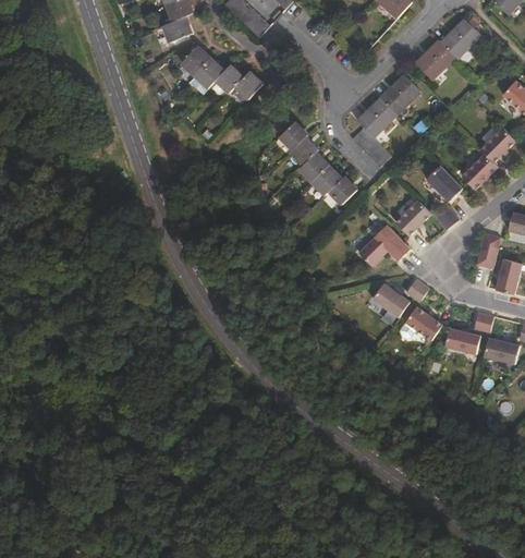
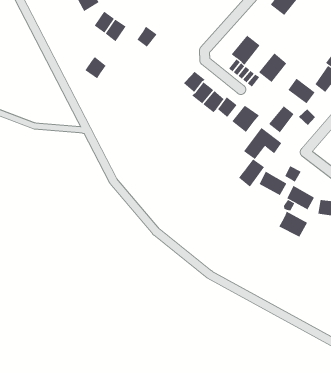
building: [215,64,244,95] -> [85,56,107,79]
building: [380,76,419,116] -> [258,53,287,83]
building: [279,122,308,150] -> none
building: none -> [232,105,260,133]
building: none -> [238,158,265,188]
building: none -> [279,211,308,238]

